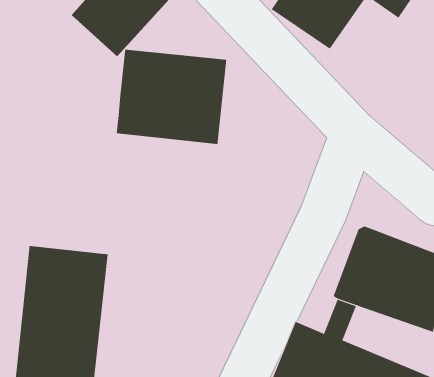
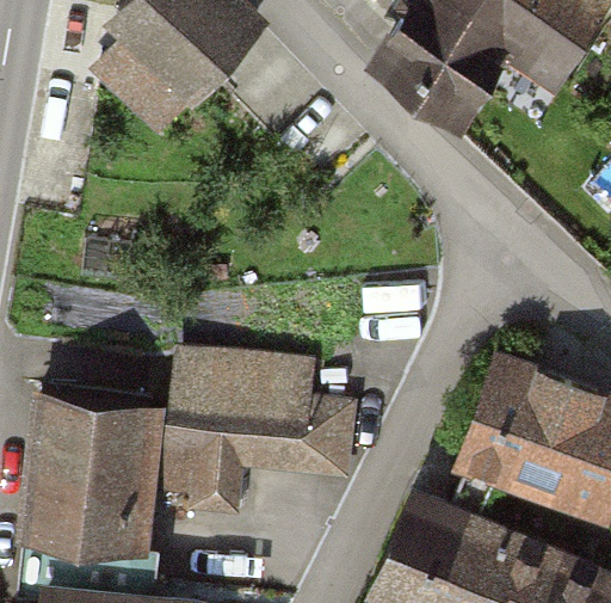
building: [116,49,227,145] -> none
building: none -> [171,351,354,511]

